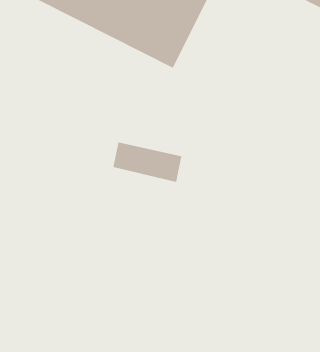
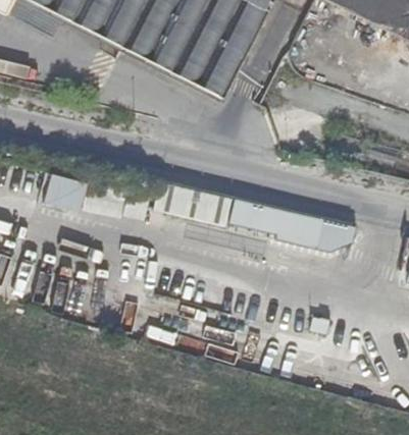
building: none -> [46,172,90,210]
building: none -> [231,196,358,251]

